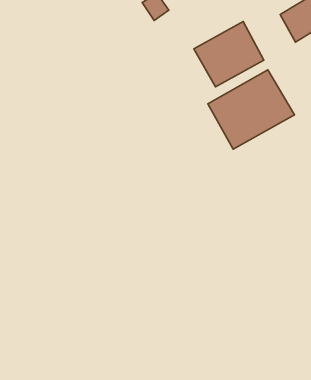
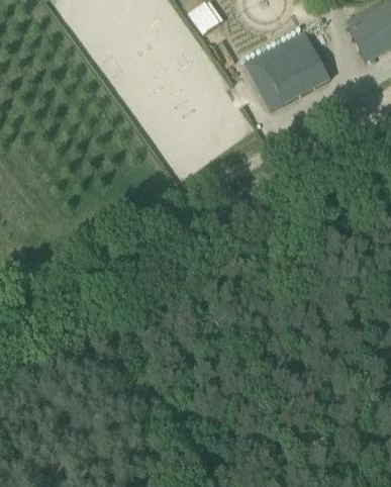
building: [208,70,294,149] -> none

